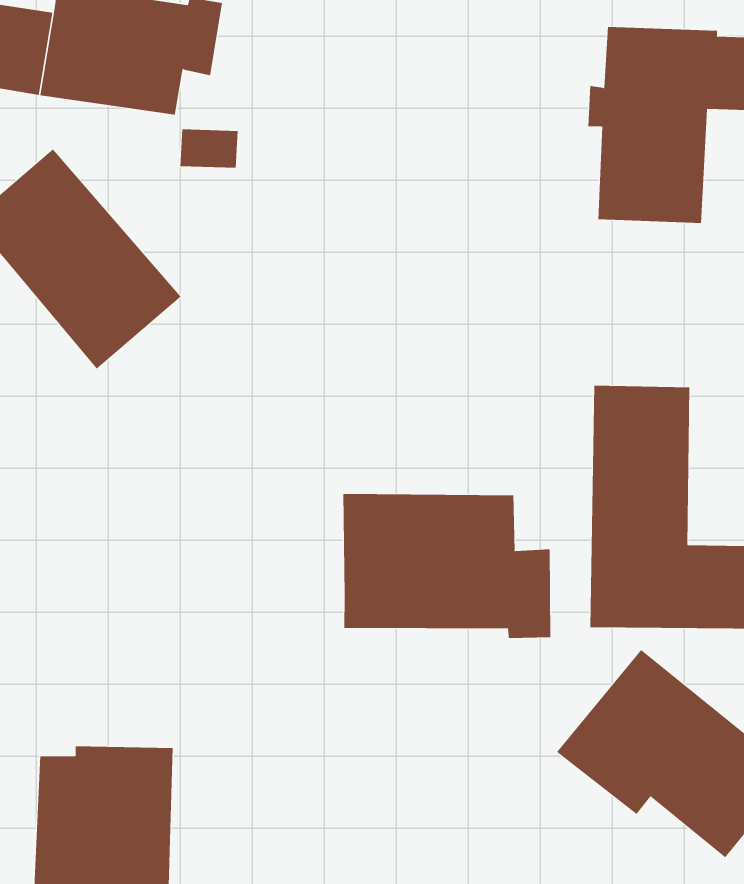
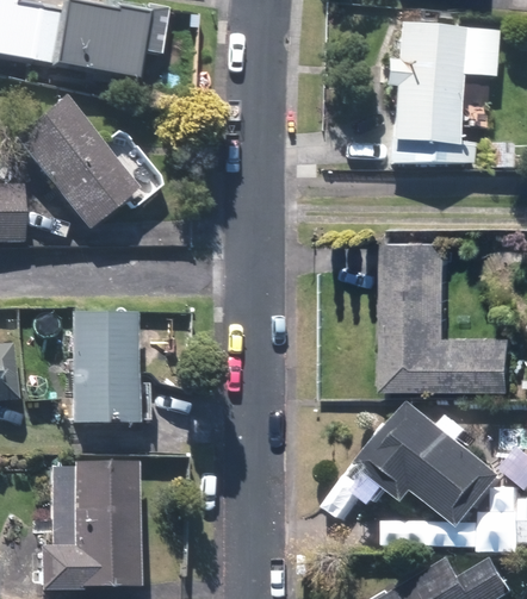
building: [343,493,551,639] -> none
building: none -> [70,314,148,425]

